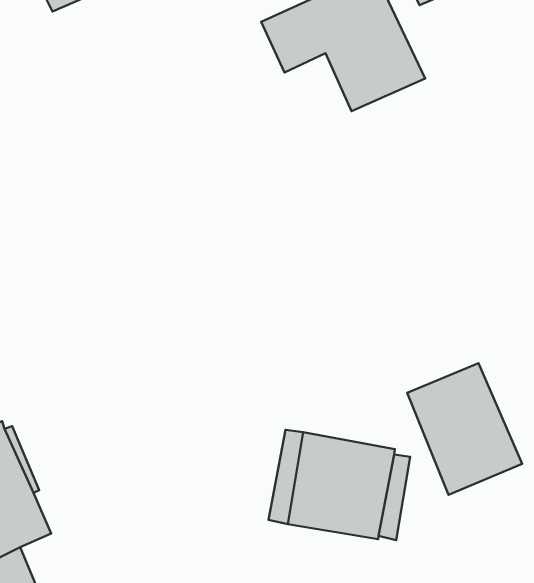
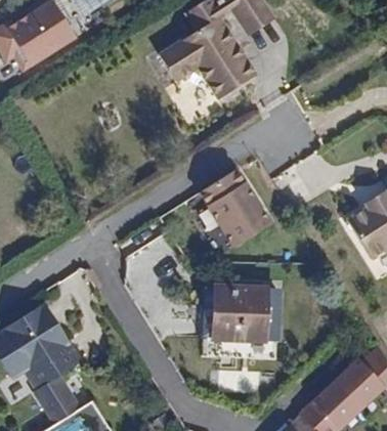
building: [407,363,522,495] -> [198,170,268,247]

